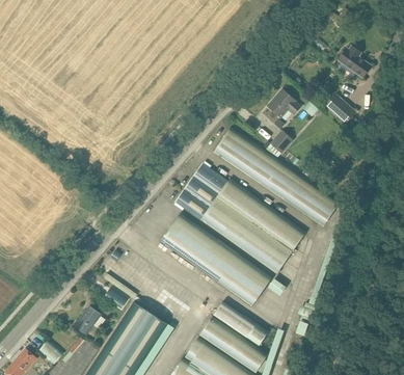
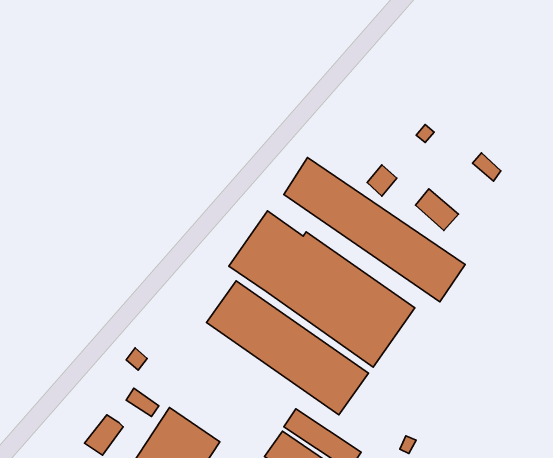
building: [338,44,369,78] -> none
building: [267,89,300,117] -> none
building: [325,95,355,124] -> [416,189,459,231]

